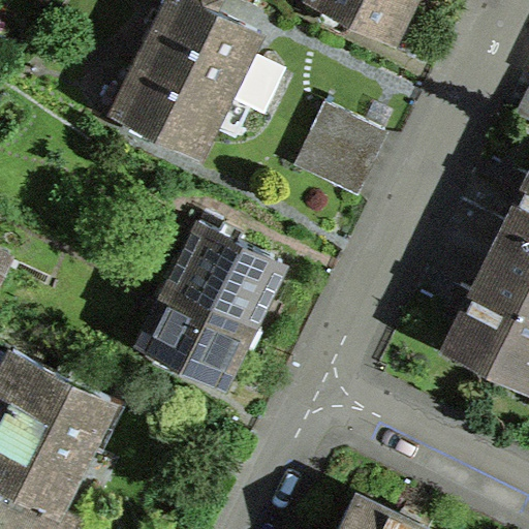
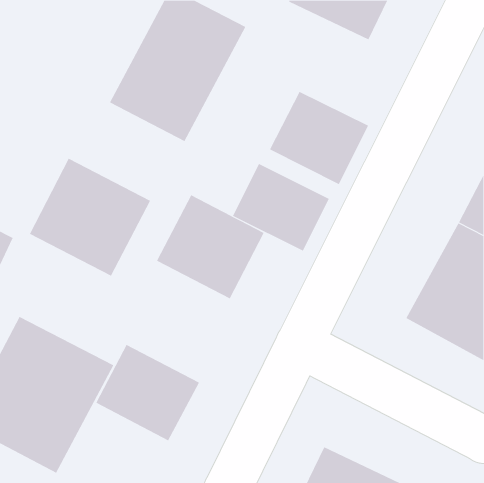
building: none -> [29,158,151,277]
building: none -> [232,163,330,252]
building: [135,288,248,393] -> [96,344,200,441]

